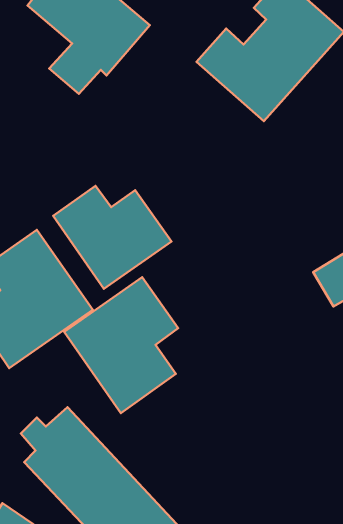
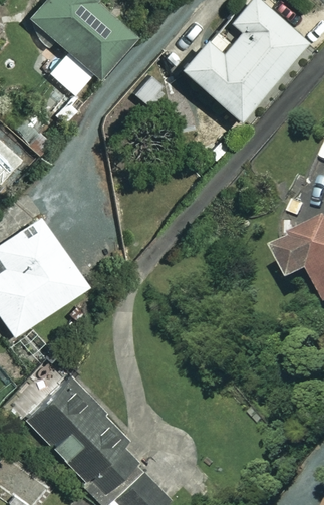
building: [53,186,172,289] -> none
building: [64,277,178,413] -> none

